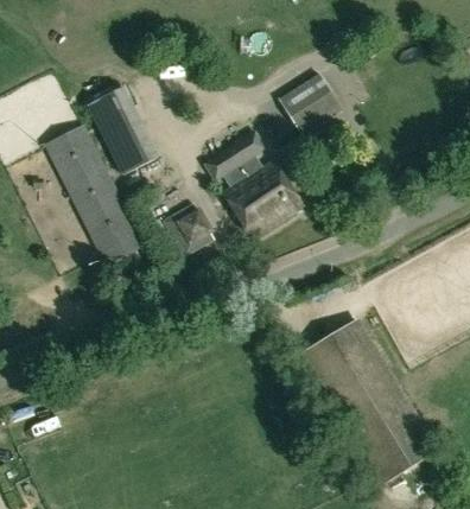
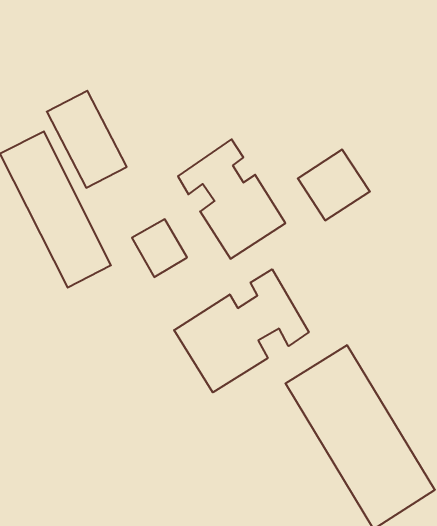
building: [278,72,343,136] -> [298,150,370,220]
building: none -> [174,269,309,392]

